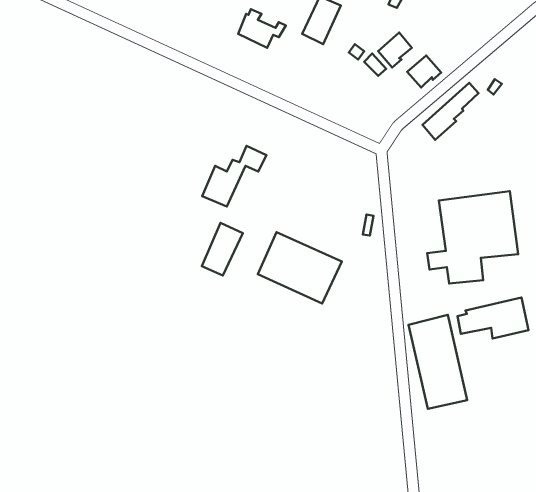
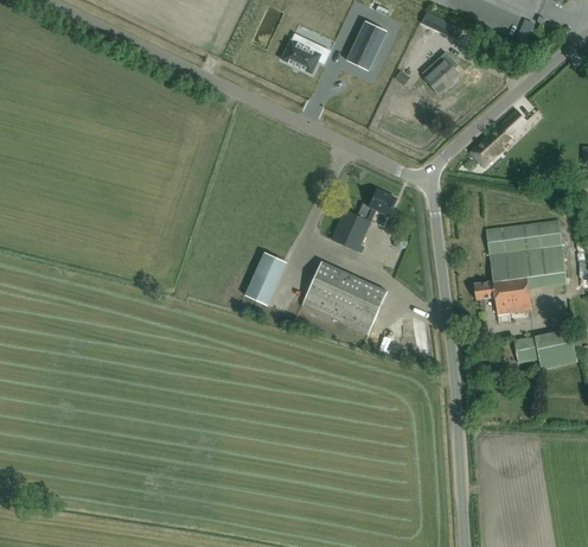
building: [407,55,441,87] -> none
building: [202,146,266,207] -> [332,189,397,250]
building: [408,315,467,409] -> none

